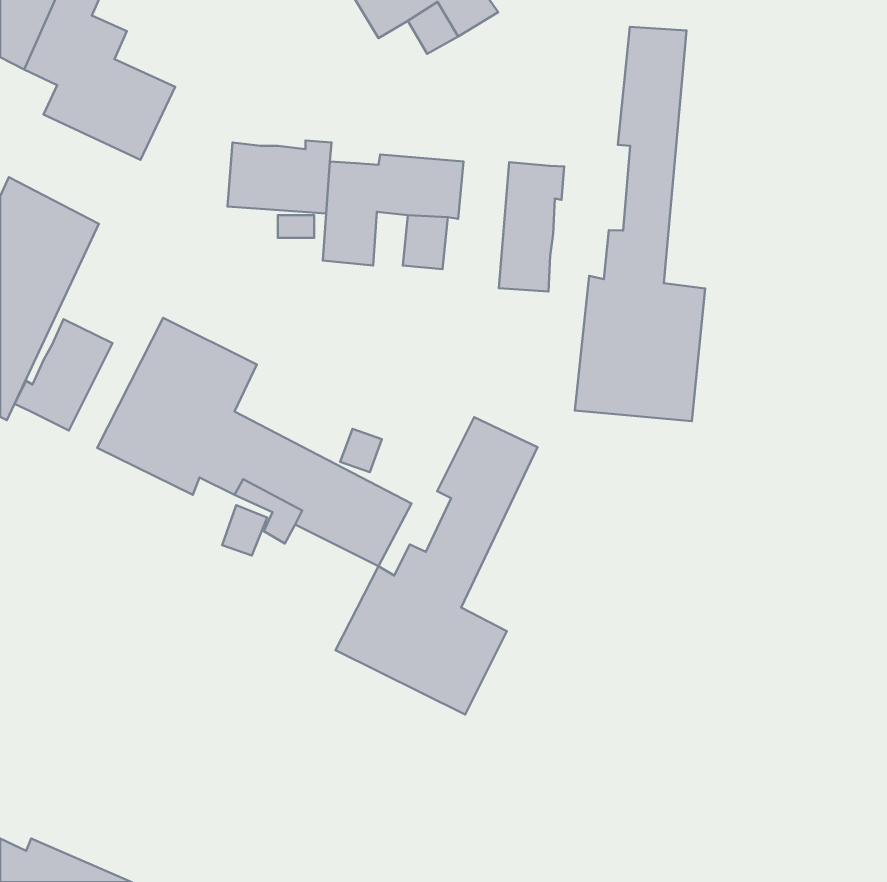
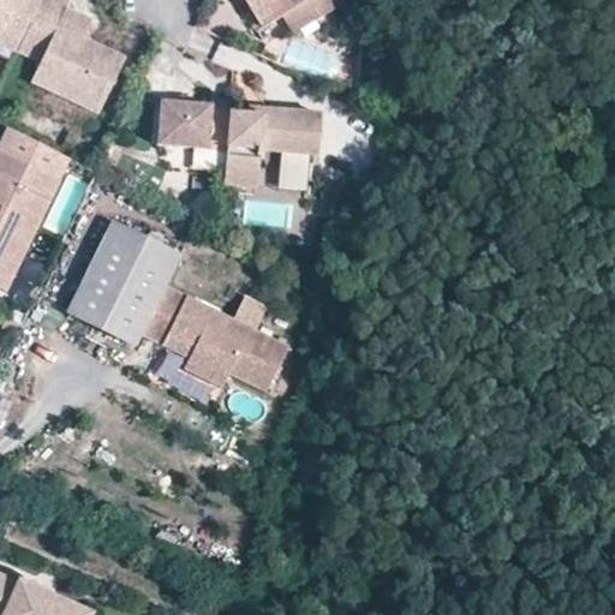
building: [575,27,705,421] -> none
building: [499,162,564,291] -> none
building: [15,319,113,431] -> none
building: [335,417,538,714] -> none

